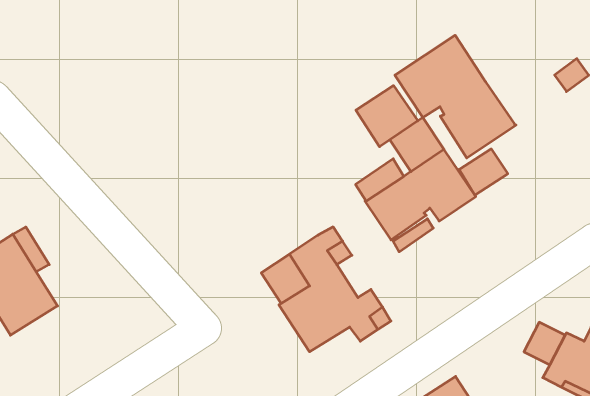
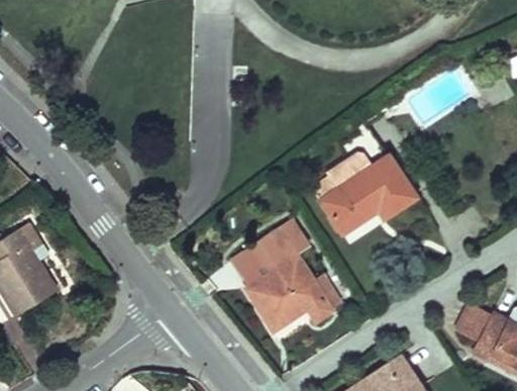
building: [395,35,516,158] -> none
building: [356,86,418,147] -> none
building: [459,149,508,195] -> none

